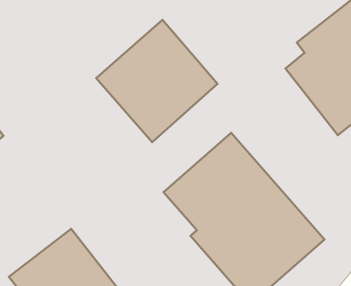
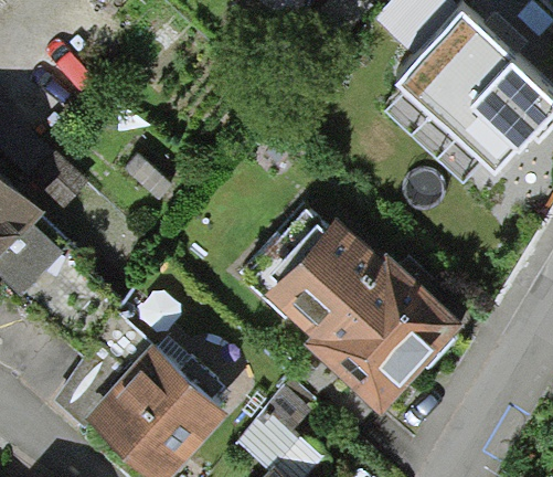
building: [96,20,218,142] -> none

